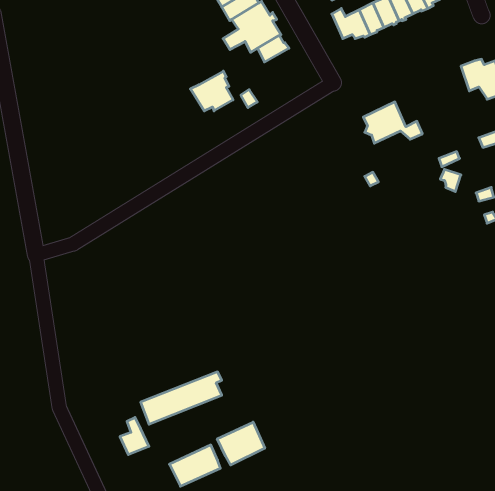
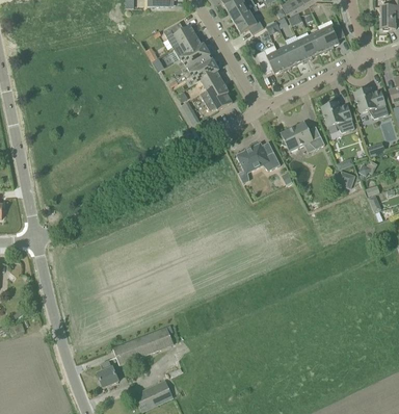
building: [190,71,233,111] -> [200,79,232,109]
building: none -> [322,101,354,131]
building: none -> [237,143,281,172]
building: [217,422,265,465] -> none

